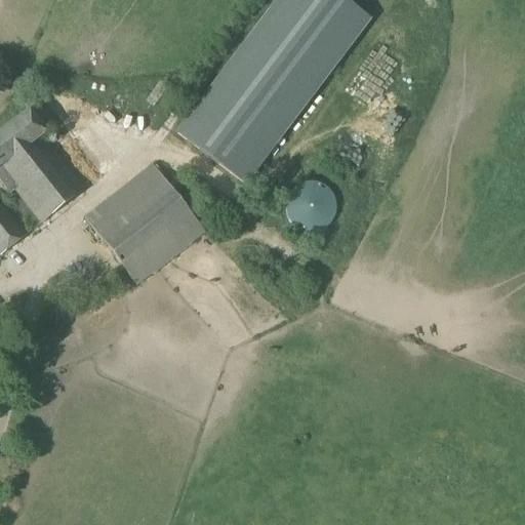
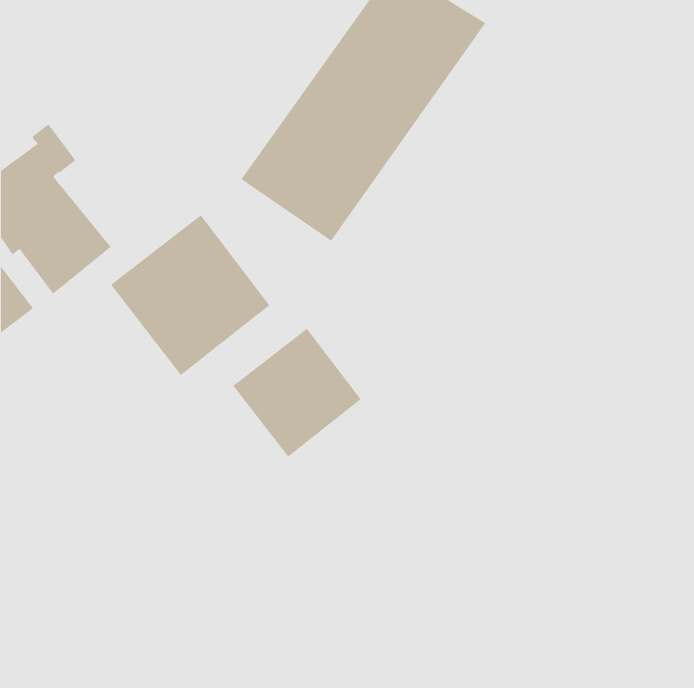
building: [284,180,334,231] -> none
building: none -> [232,328,362,457]

